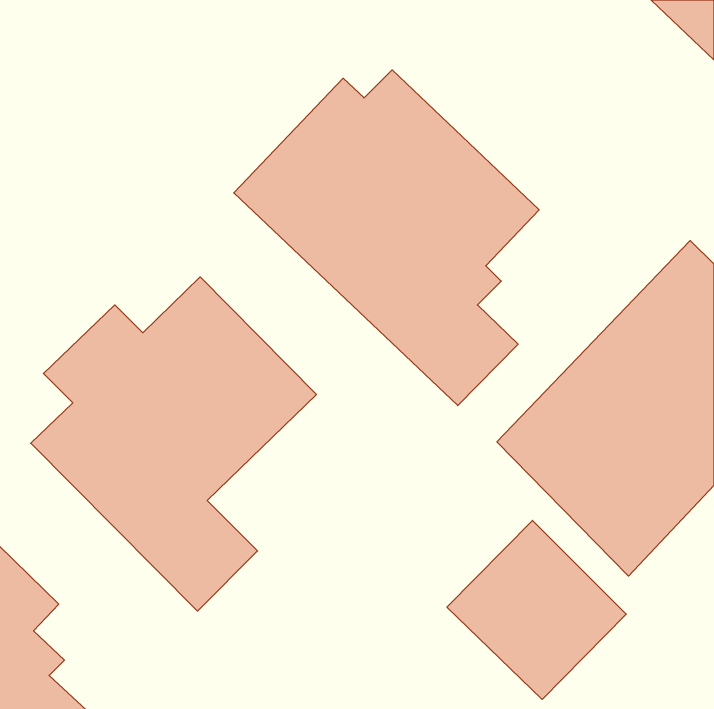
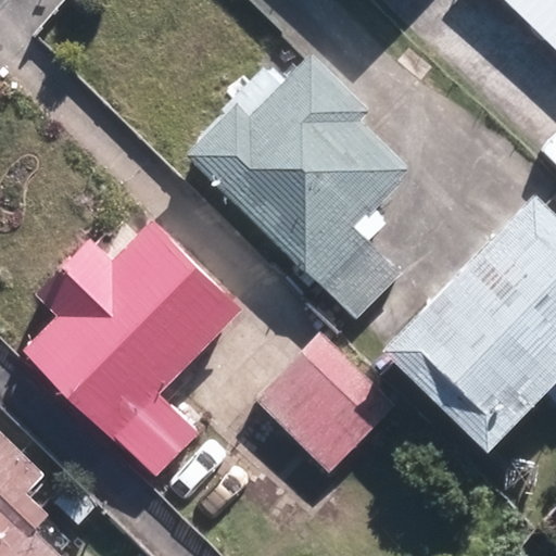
building: [447,520,626,699] -> [256,333,395,472]

